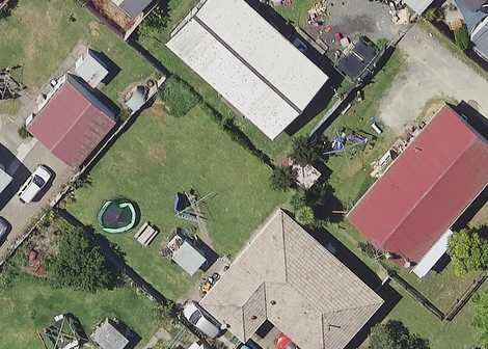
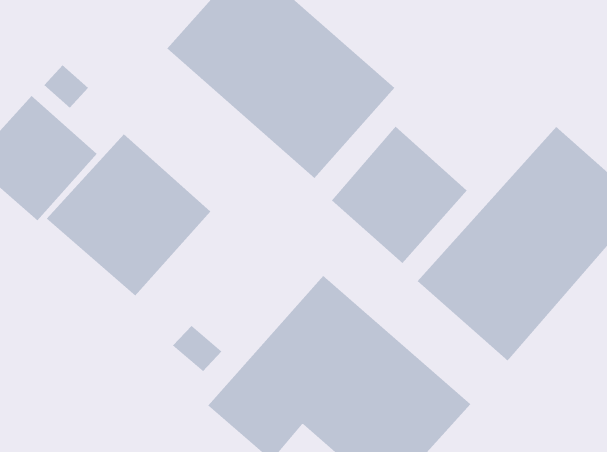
building: none -> [331,126,467,264]
building: none -> [46,133,211,296]

